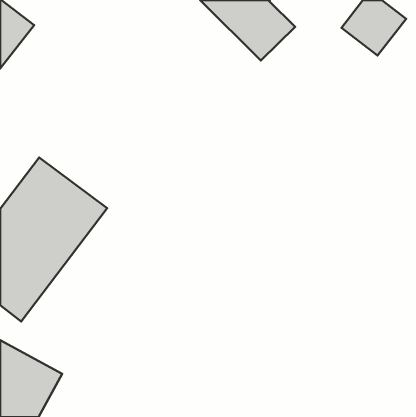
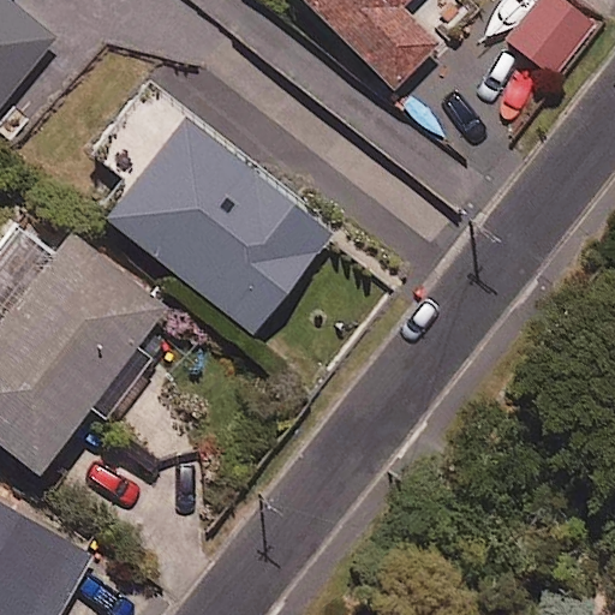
building: none -> [102,115,330,328]

